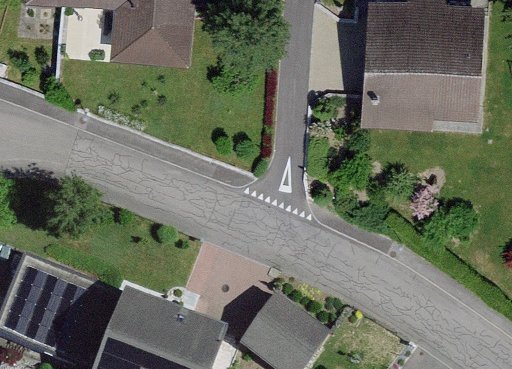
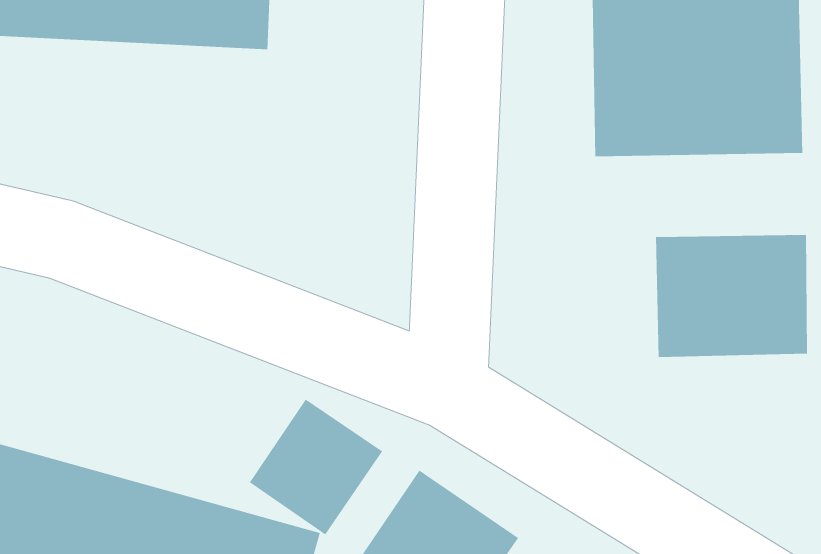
building: none -> [655,234,808,358]
building: none -> [249,398,383,536]

